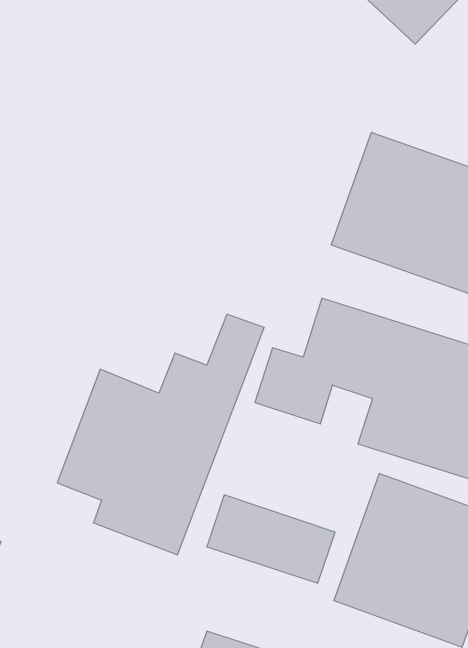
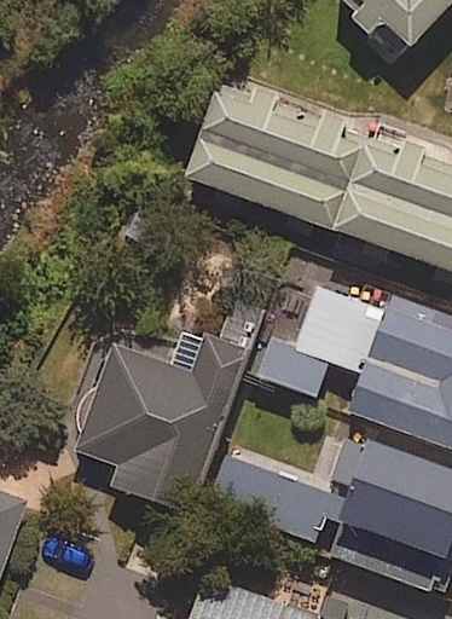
building: none -> [181,79,361,232]

